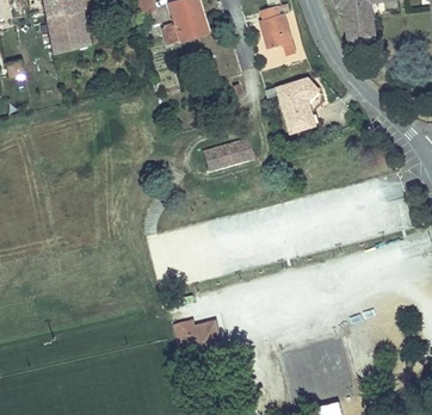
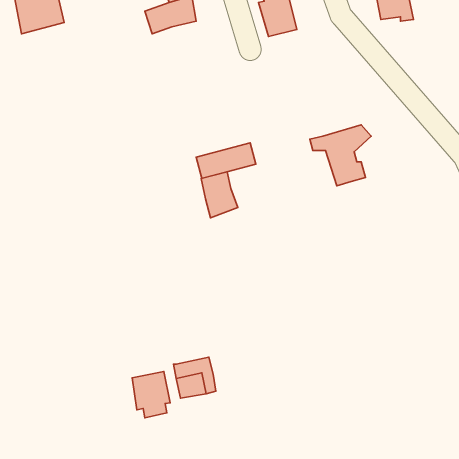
building: [259,81,310,132] -> [310,125,371,186]
building: none -> [201,172,238,218]
building: none -> [132,372,170,418]

